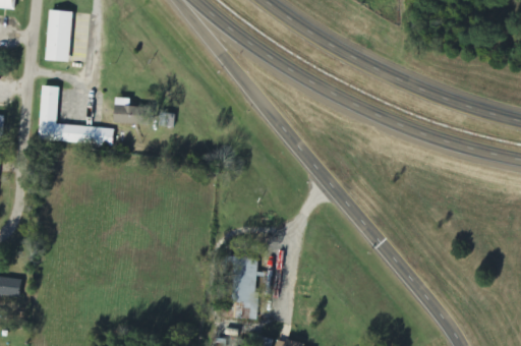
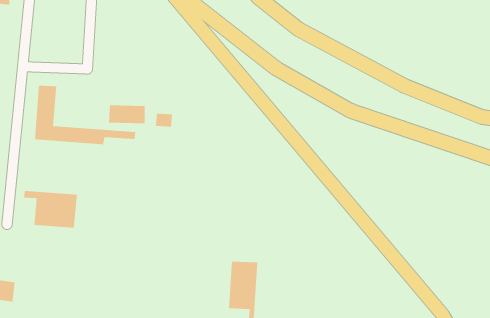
building: [48,9,75,61] -> none
building: none -> [23,190,78,228]

